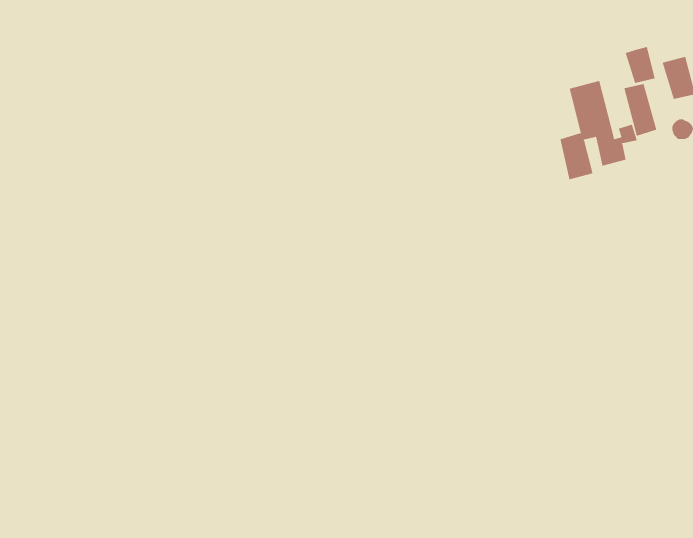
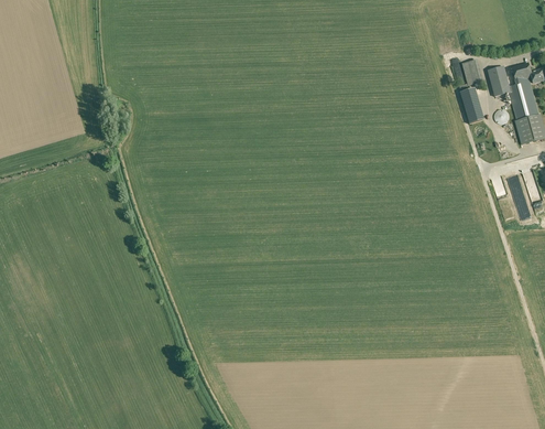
building: [560,80,638,180] -> none

